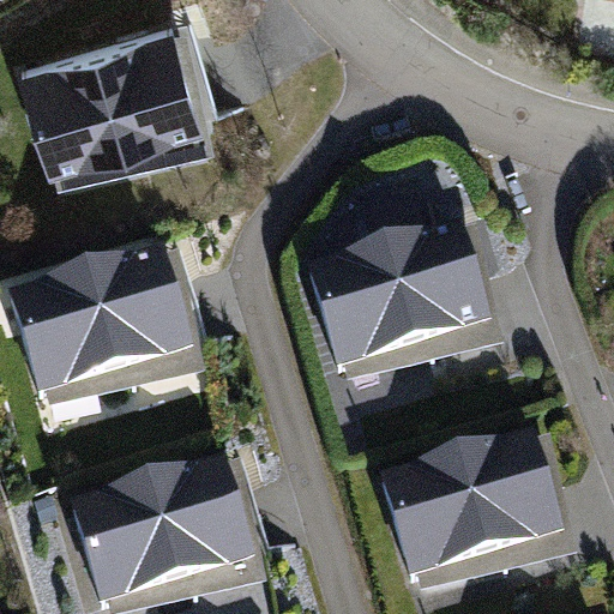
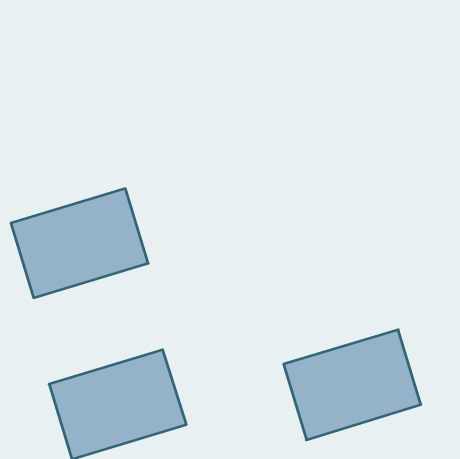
building: [31,17,212,161] -> none
building: [312,219,493,363] -> none

